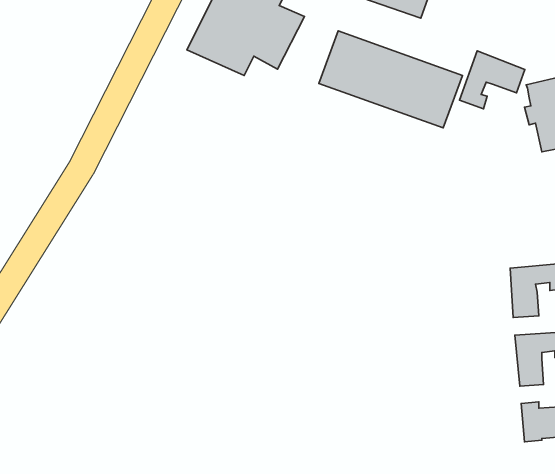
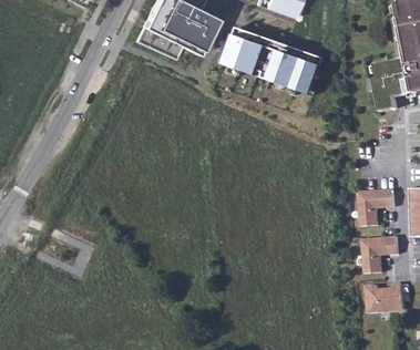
building: [459,51,525,109] -> none

